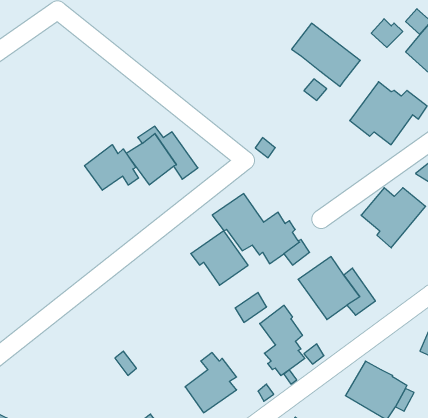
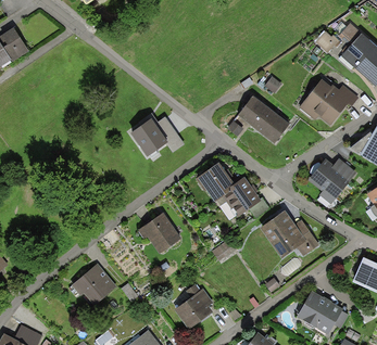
building: [292,23,360,86] -> [237,95,289,143]
building: [85,145,139,190] -> none
building: [191,231,248,285] -> [137,213,180,254]
building: [260,305,305,376] -> none
building: none -> [71,263,116,306]

